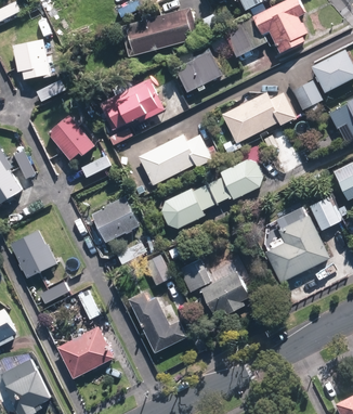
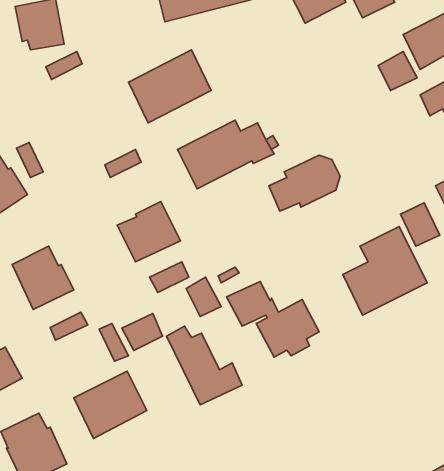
building: [176,44,224,92] -> none
building: [222,91,297,143] -> none
building: [49,114,96,159] -> none
building: [162,183,218,228] -> none
building: none -> [122,314,163,351]

